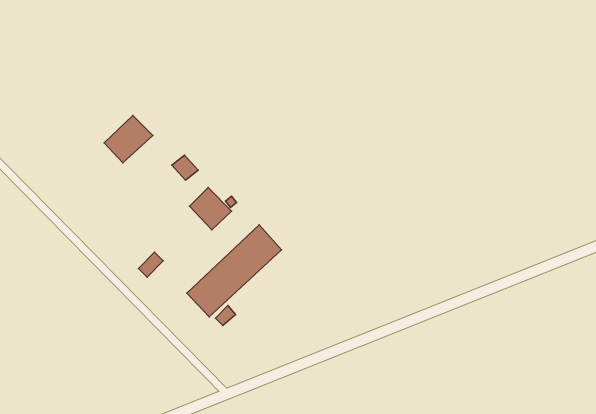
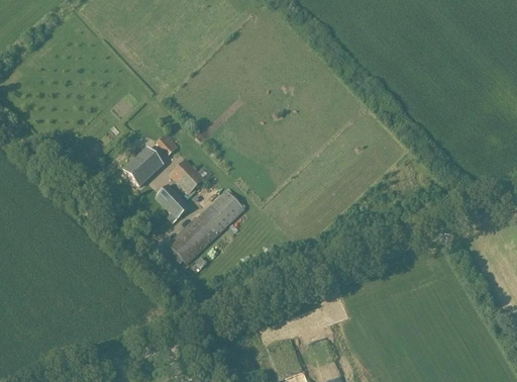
building: [104,116,153,163] -> [123,148,163,186]
building: none -> [154,183,189,221]

